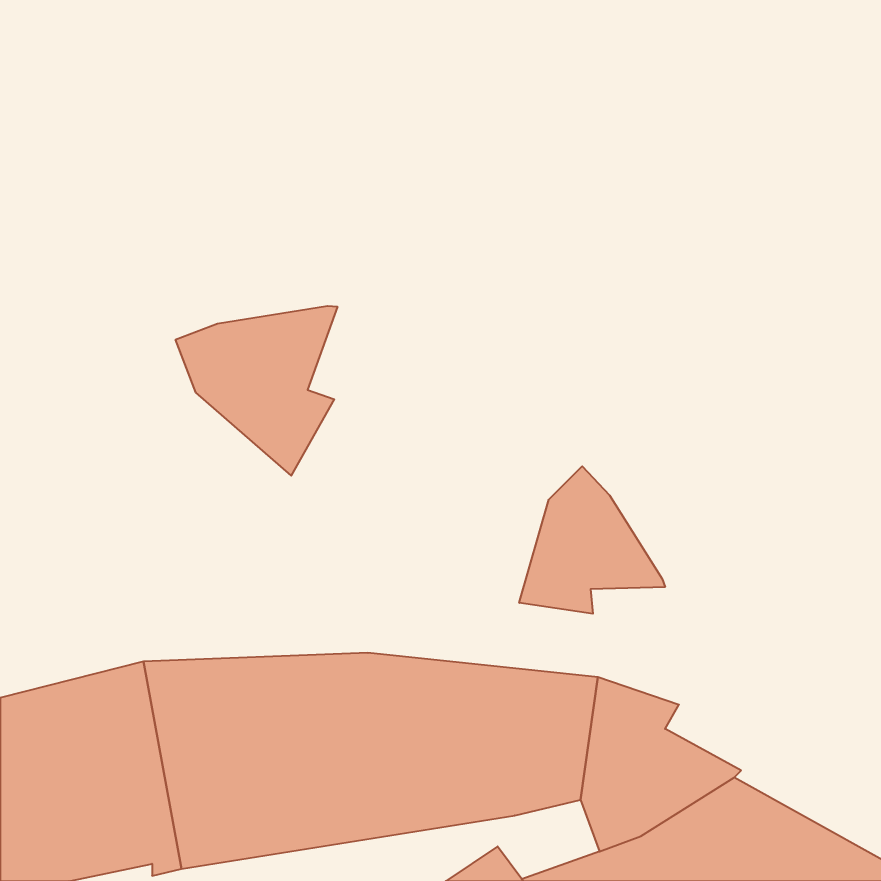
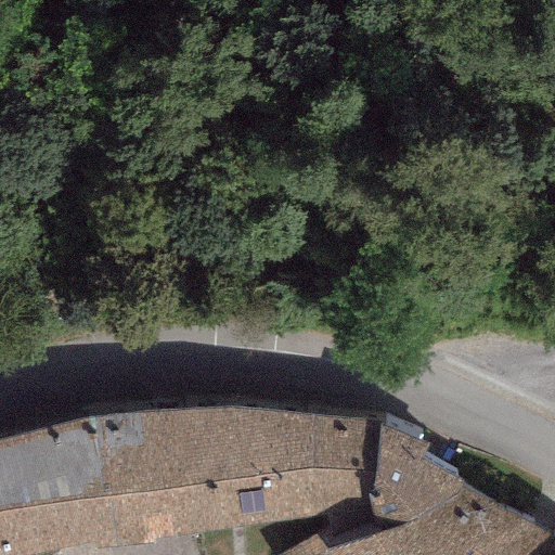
building: [176,306,337,476] -> none
building: [519,466,665,614] -> none

